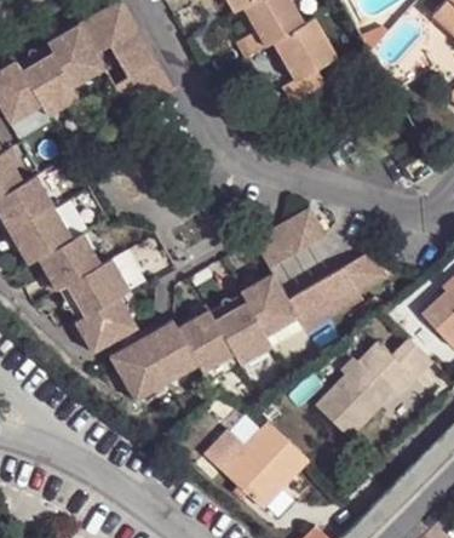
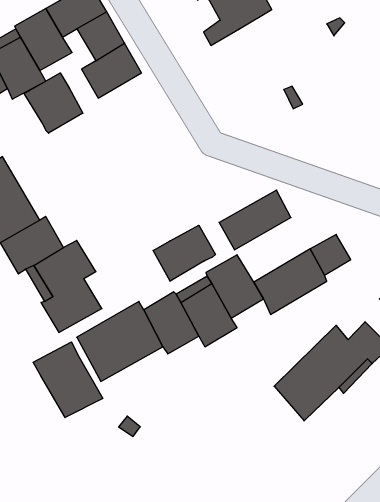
building: [276,19,337,104] -> none
building: none -> [24,73,83,133]
building: none -> [153,225,215,281]
building: none -> [33,342,103,418]
building: [222,422,308,508] -> none

